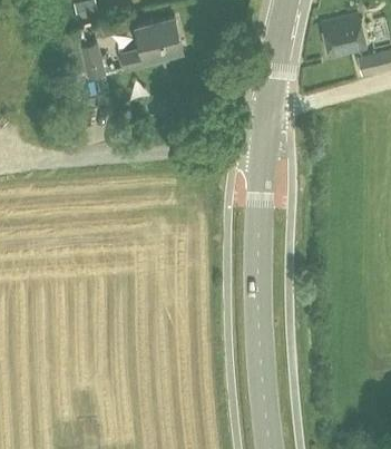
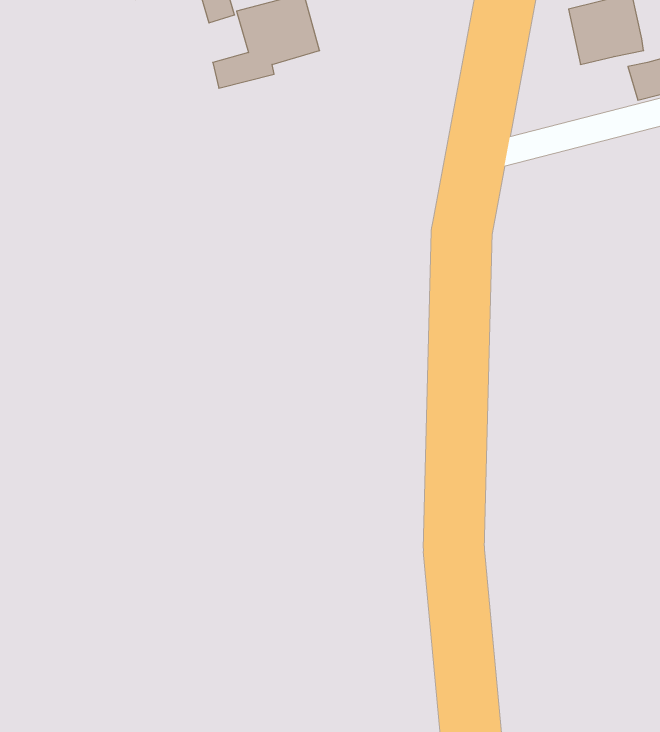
building: [79,43,106,80] -> none

